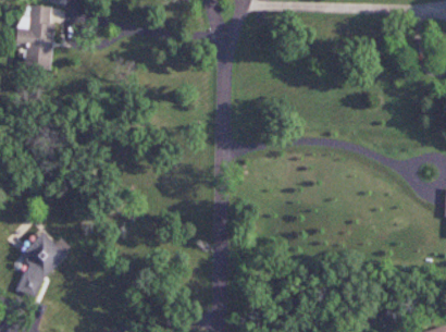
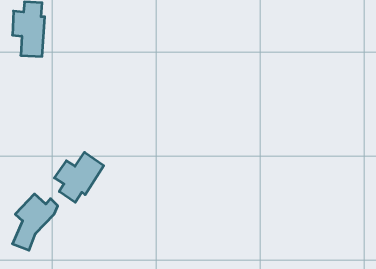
building: none -> [54,152,104,202]

